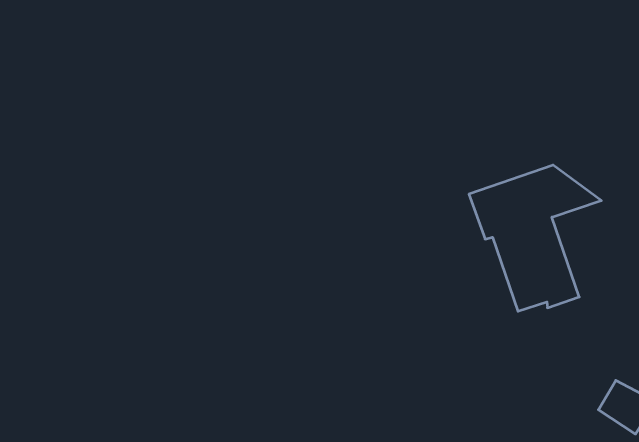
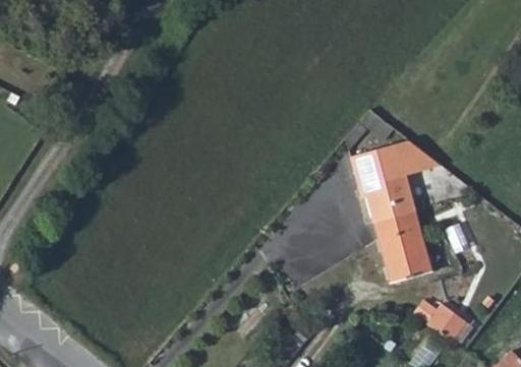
building: none -> [381,240,435,293]

